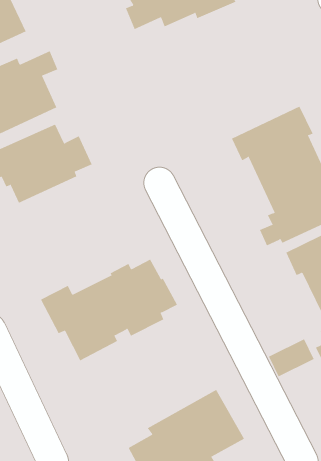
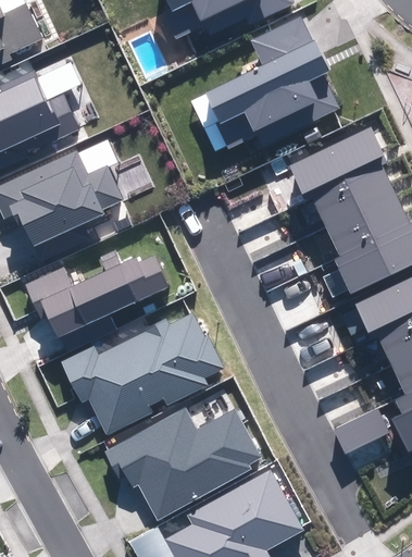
building: none -> [190,17,339,149]
building: none -> [24,256,168,337]
building: none -> [103,409,260,519]

